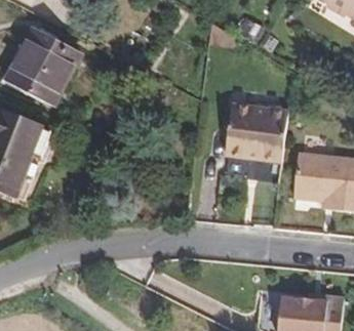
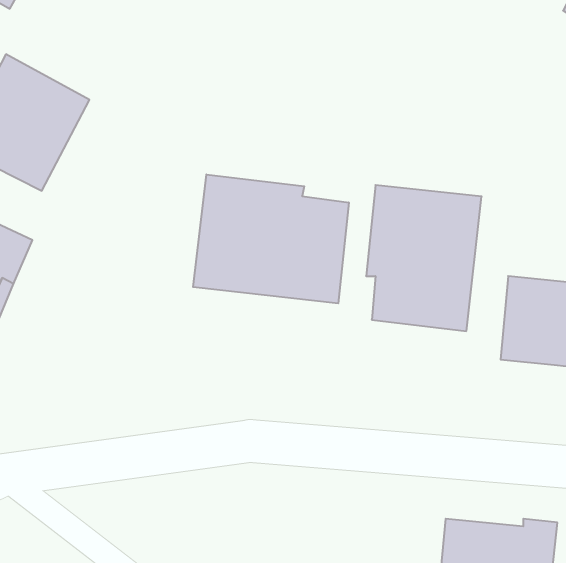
building: none -> [193,174,349,303]

